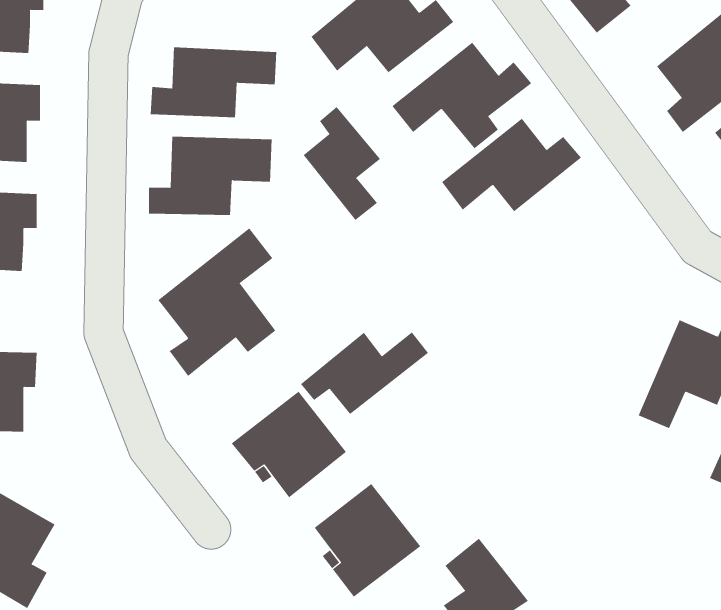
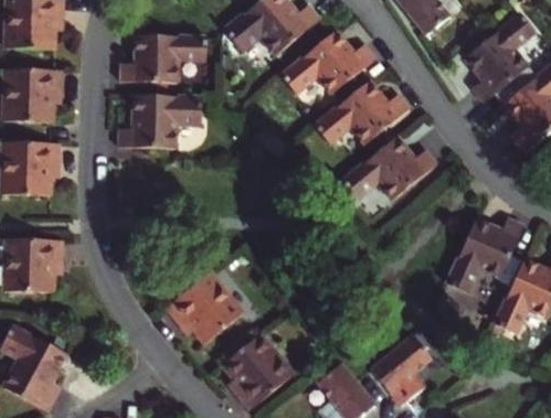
building: [303,106,381,221] -> none
building: none -> [346,141,441,204]
building: [157,227,276,377] -> none
building: [300,331,429,415] -> none
building: none -> [375,336,436,408]

